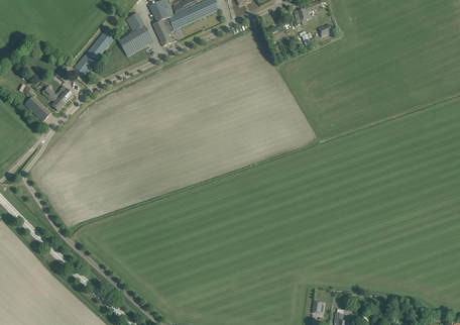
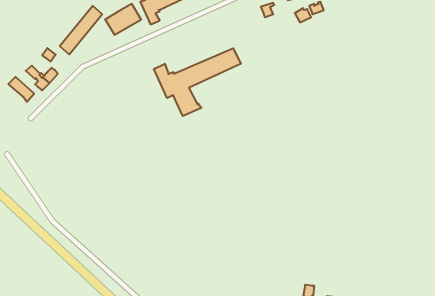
building: none -> [154,48,241,116]

